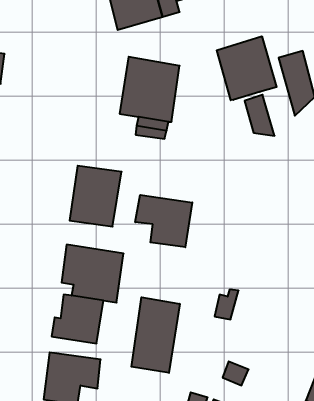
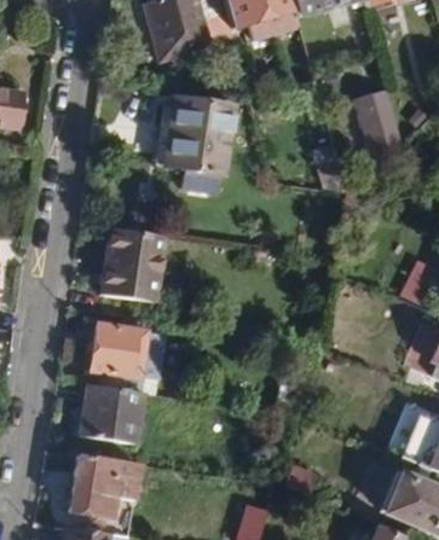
building: [217,36,277,100] -> none
building: [135,195,192,247] -> none
building: [131,297,180,373] -> none

